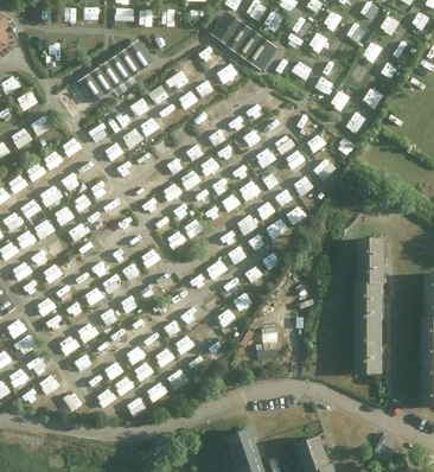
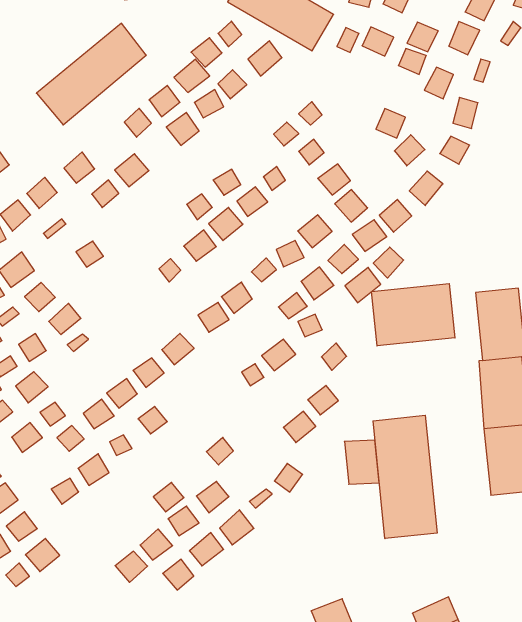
building: none -> [372,284,455,346]
building: none -> [373,415,437,539]

